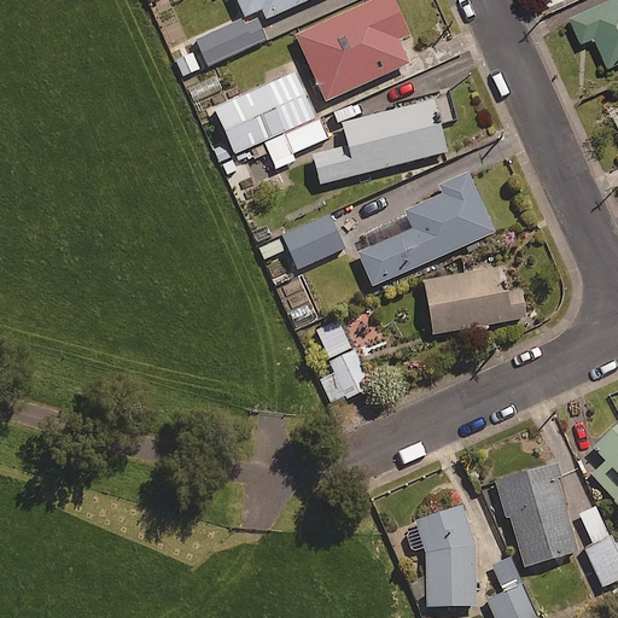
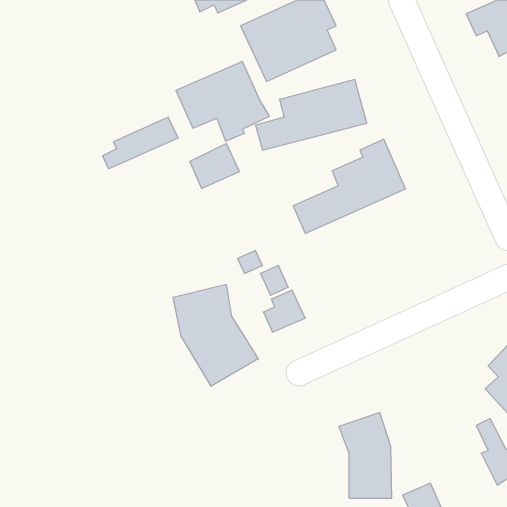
building: [176,16,268,78] -> [103,117,178,169]
building: [285,217,345,272] -> [190,144,239,188]
building: [422,266,526,333] -> none
building: none -> [173,284,258,386]
building: [495,461,579,565] -> none

